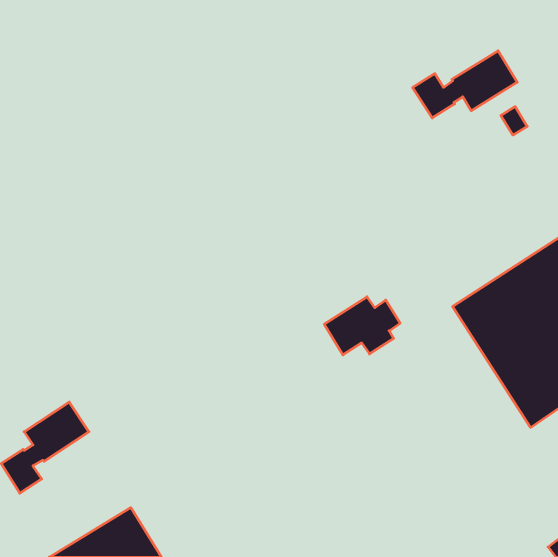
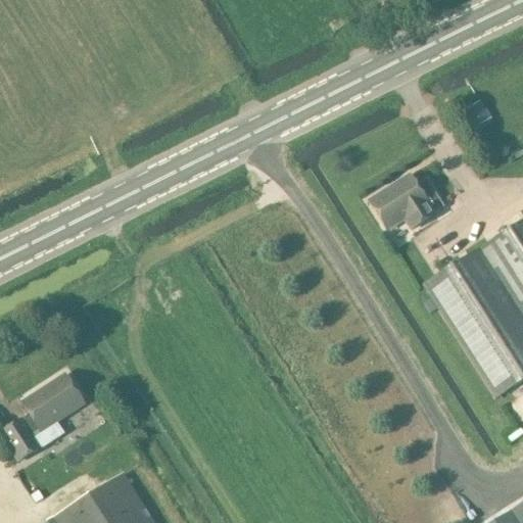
building: [413,51,517,118] -> none
building: [324,297,400,355] -> [371,175,441,229]

